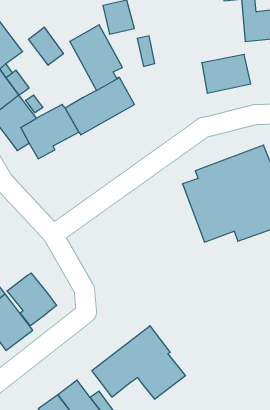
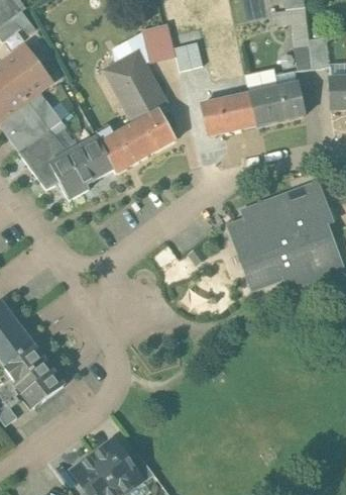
building: [28,27,63,65] -> none
building: none -> [200,92,255,135]
building: [7,273,57,326] -> none
building: [92,326,185,399] -> none

